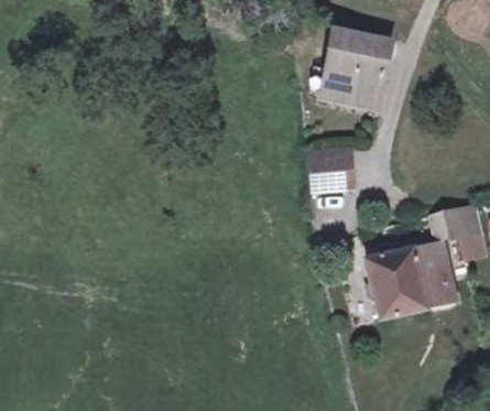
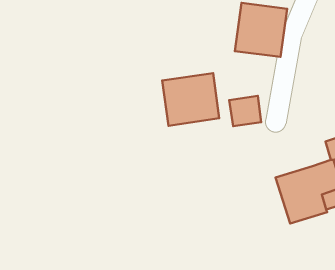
building: none -> [162,73,219,126]

